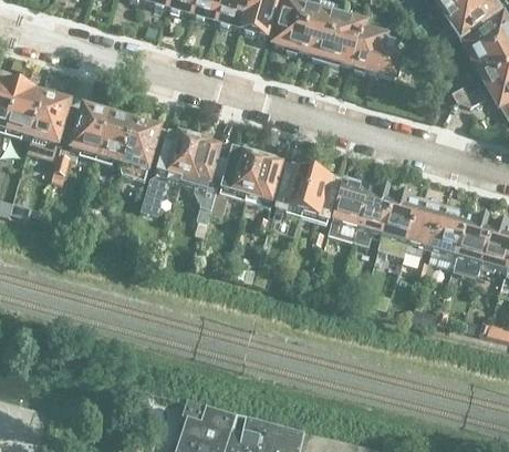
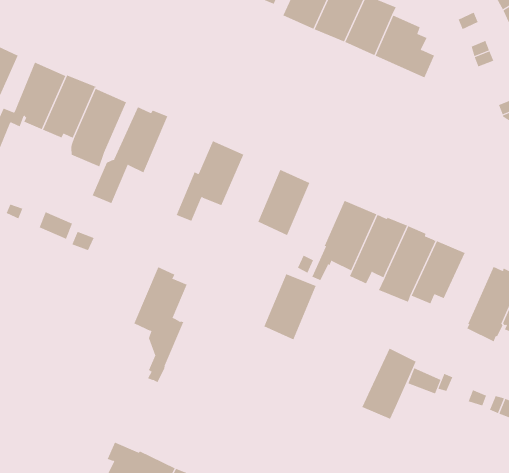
building: [180,134,220,226] -> [134,267,188,383]
building: [246,156,283,207] -> none
building: [301,172,339,224] -> [263,273,316,340]
building: [428,210,467,267] -> [362,348,417,420]

